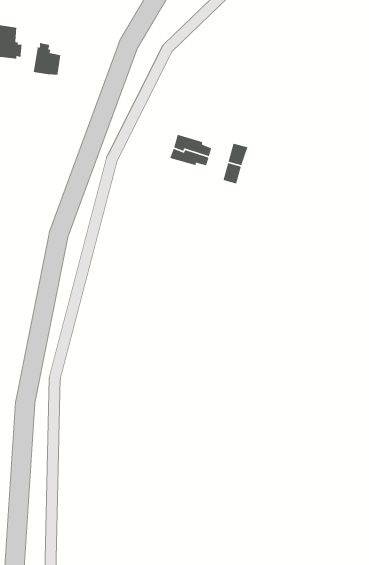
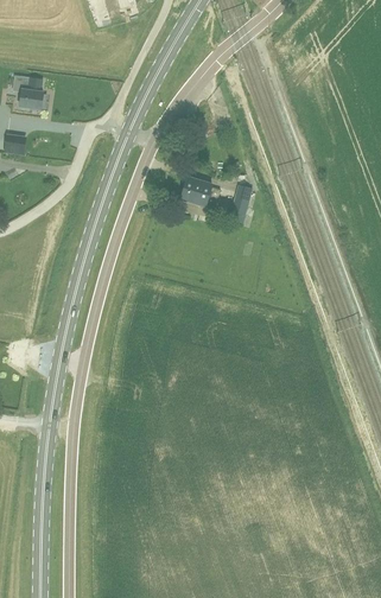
building: [33,42,61,76] -> none

